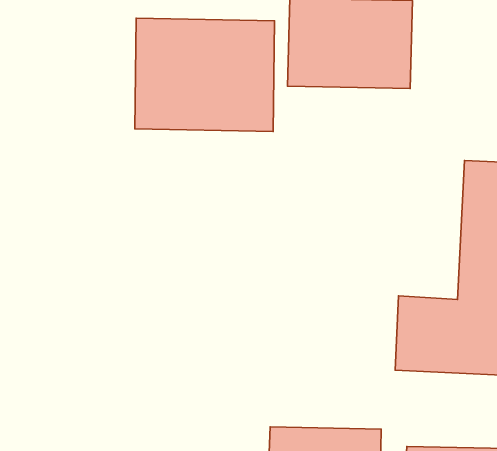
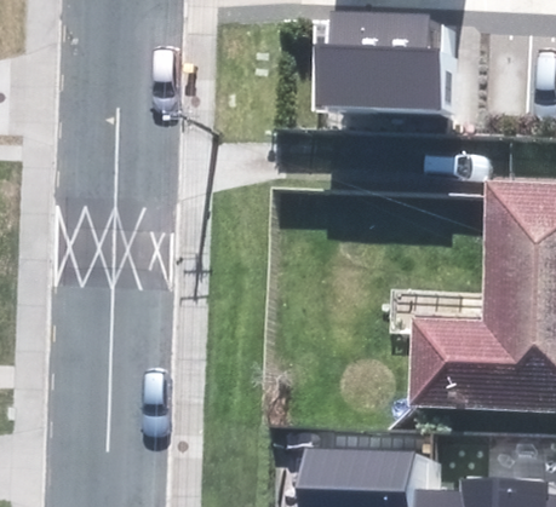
building: [135,18,274,132] -> none

